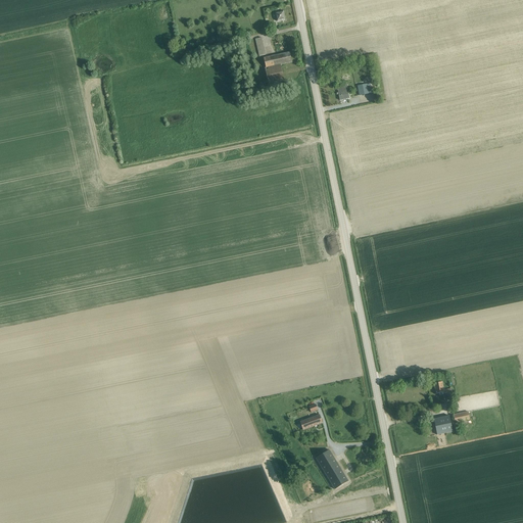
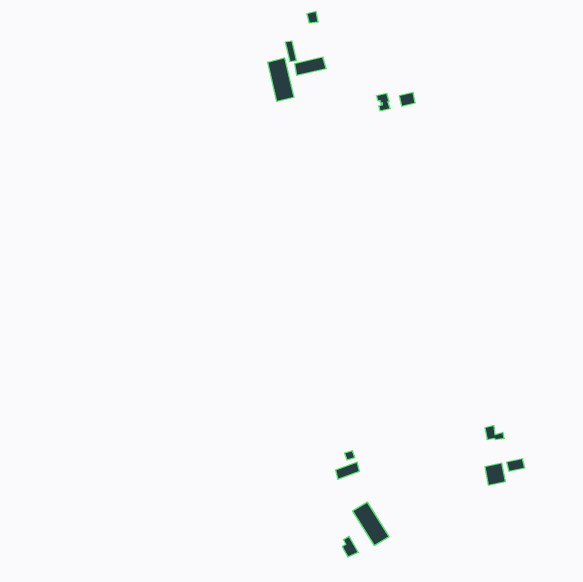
building: none -> [268,58,294,102]

